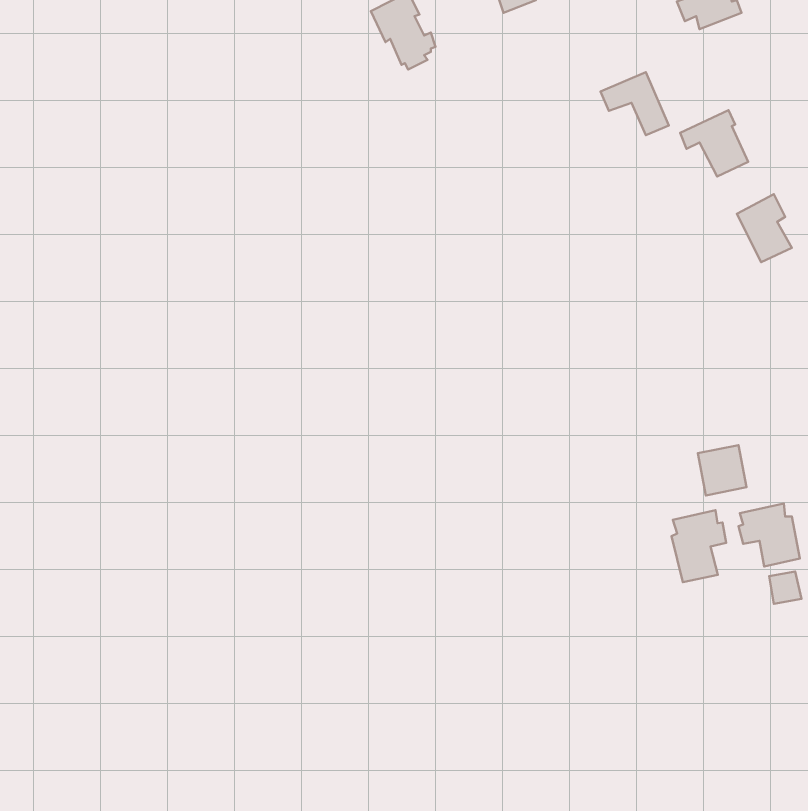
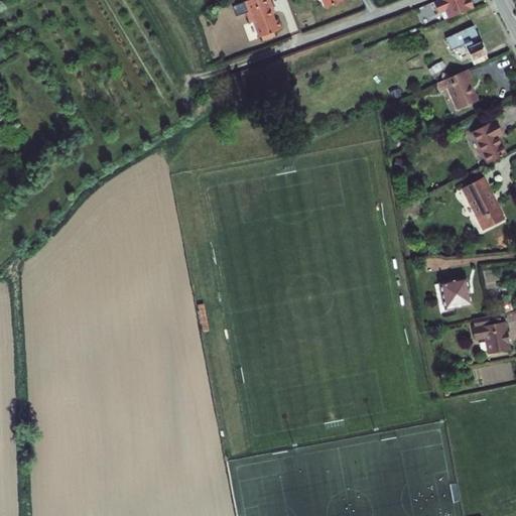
building: [601,72,669,135] -> [445,26,488,66]
building: none -> [461,177,502,231]
building: [672,510,726,582] -> none

